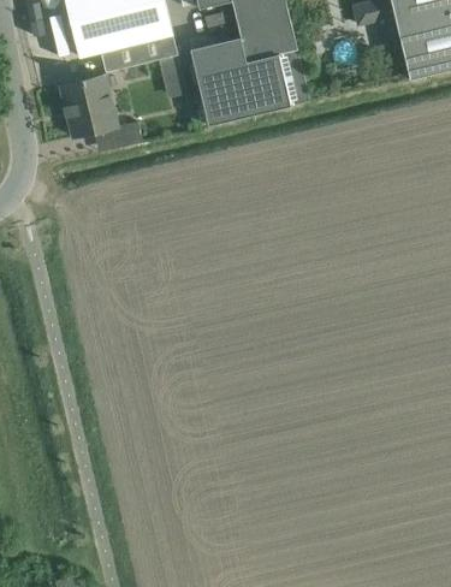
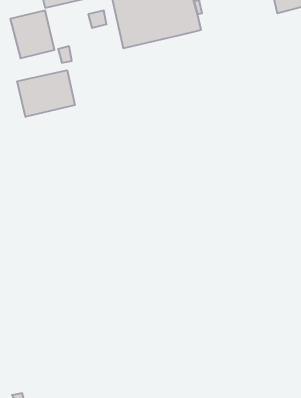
building: none -> [17,70,75,117]

